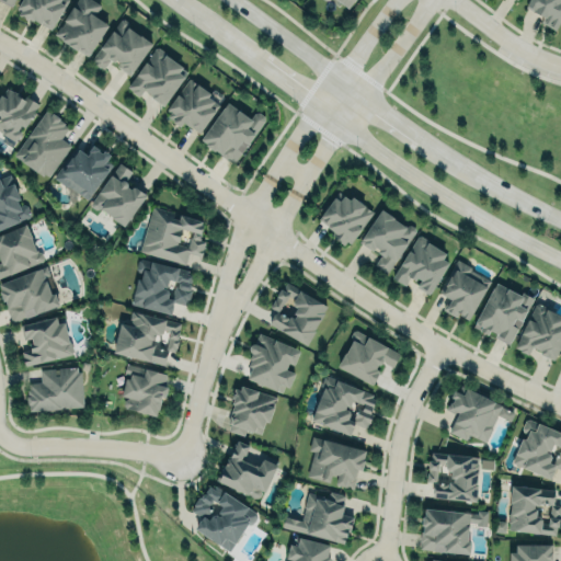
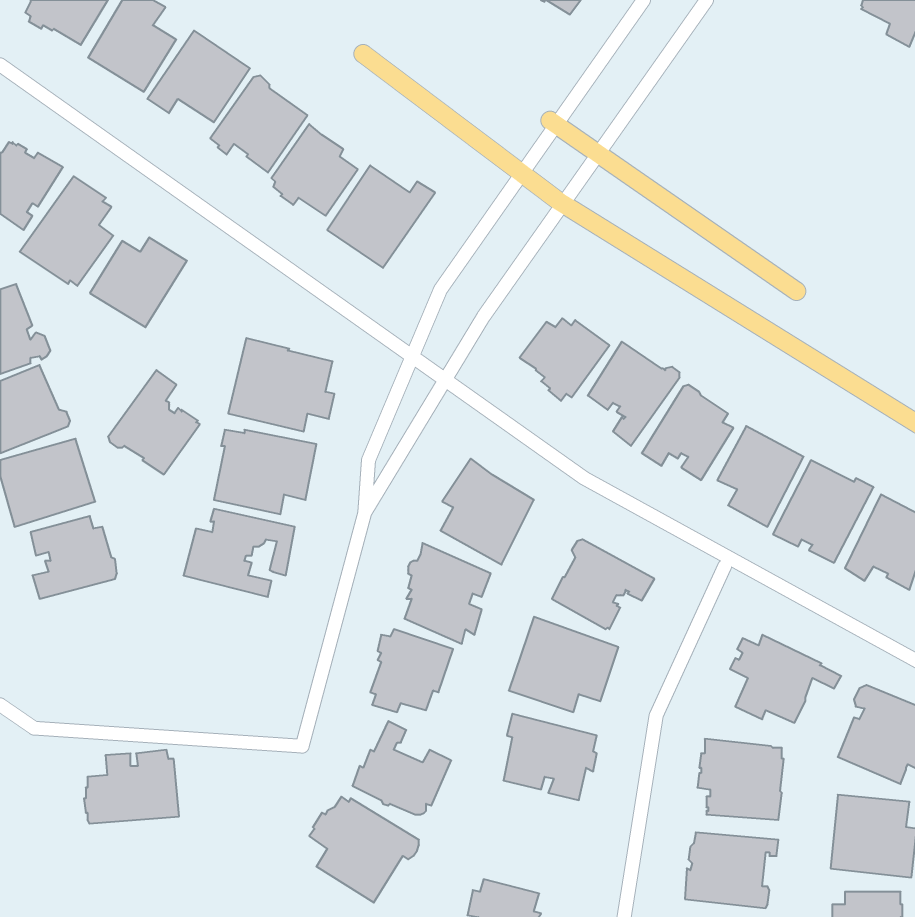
building: [91,162,147,226] -> [108,370,200,474]
building: [125,364,169,417] -> none
building: [27,366,85,411] -> [84,750,179,824]
building: [283,491,355,543] -> none

